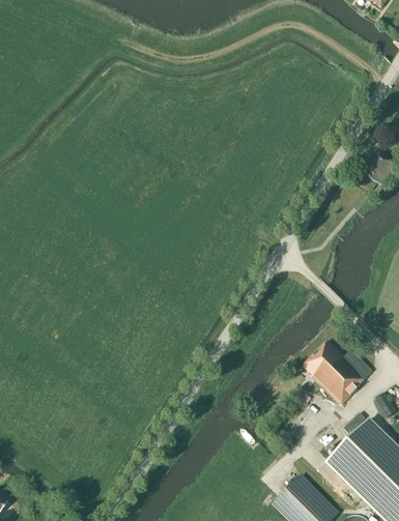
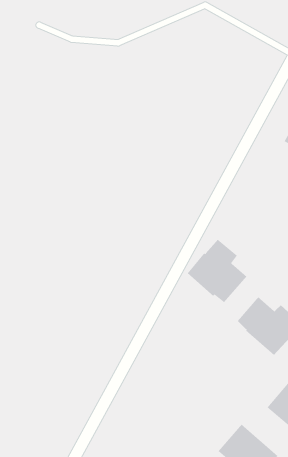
building: none -> [187,239,247,303]

